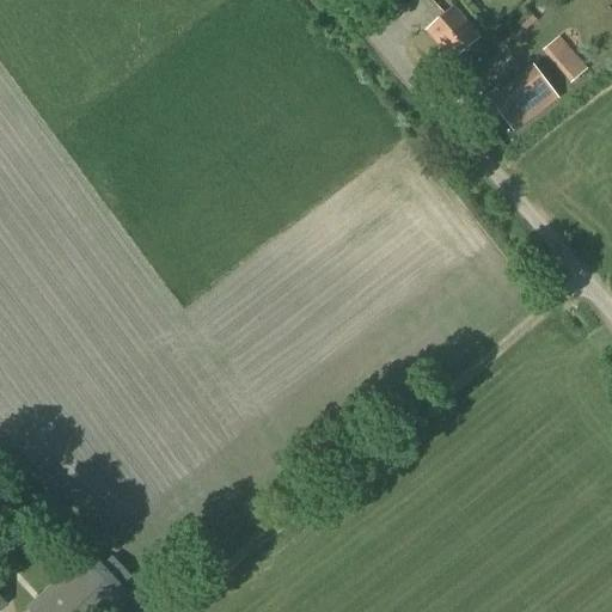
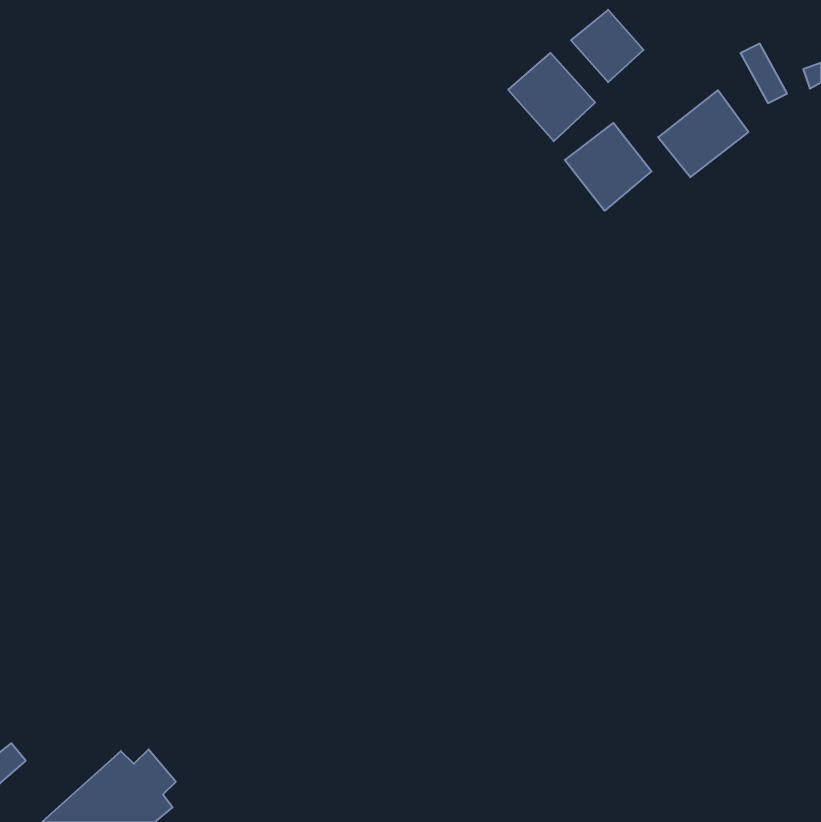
building: none -> [508,53,595,141]
building: none -> [565,123,652,211]

